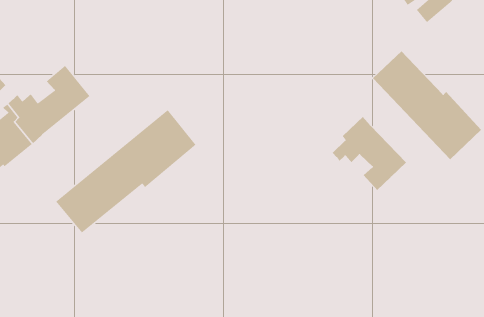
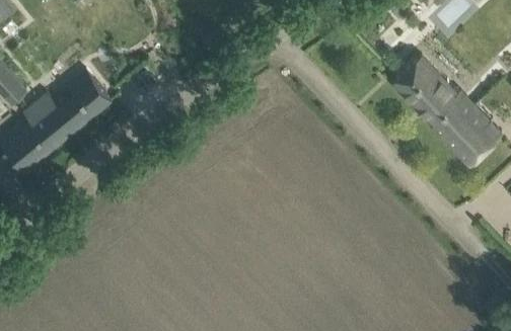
building: [55,109,196,234] -> none
building: [332,116,407,191] -> none

